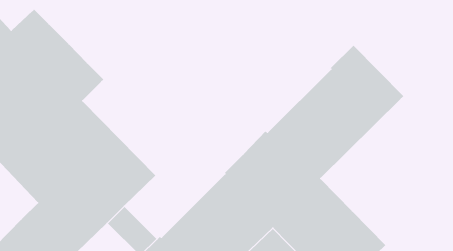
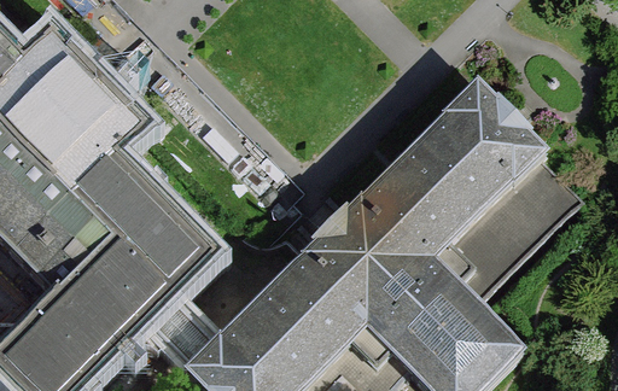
building: none -> [430,152,579,302]

